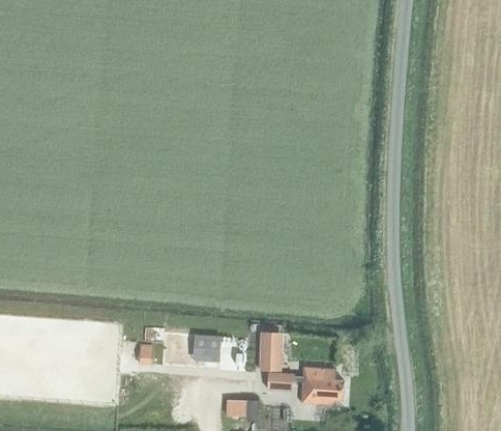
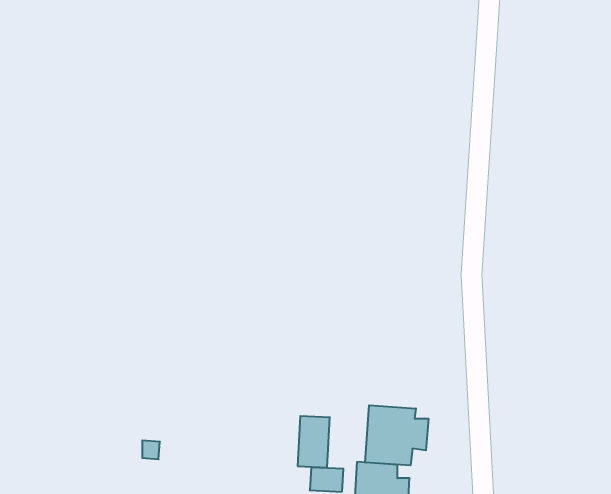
building: none -> [365,405,428,465]
building: [199,332,231,361] -> none

